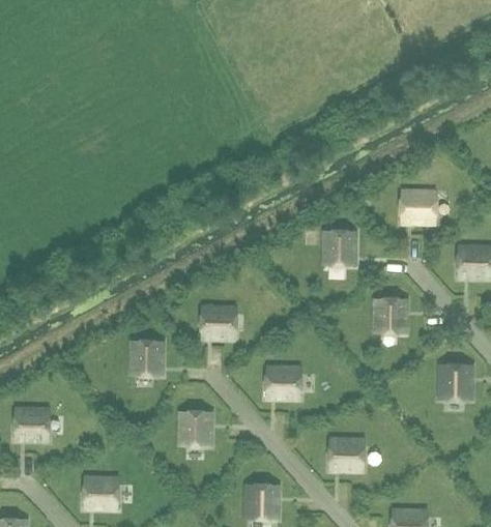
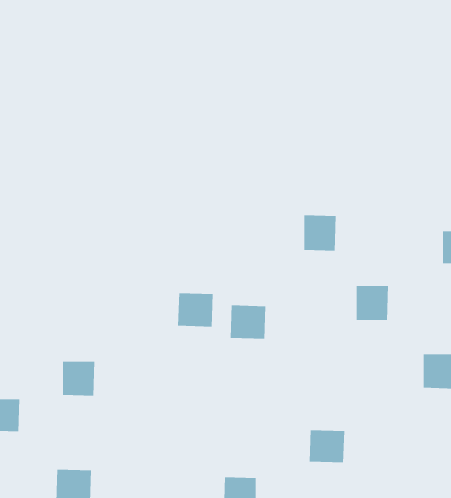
building: [401,189,435,222] -> none
building: [131,340,163,374] -> [62,361,95,396]
building: [265,364,300,398] -> [230,305,266,339]
building: [179,410,211,444] -> none

